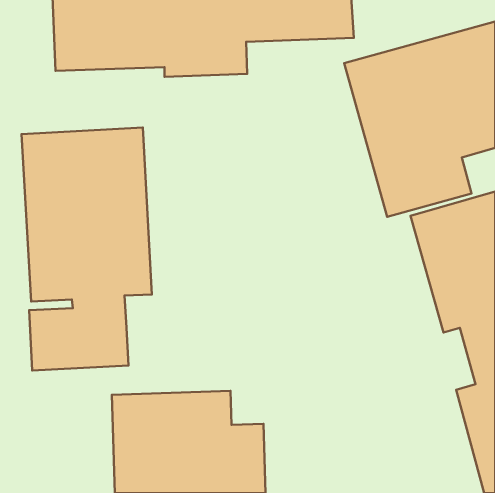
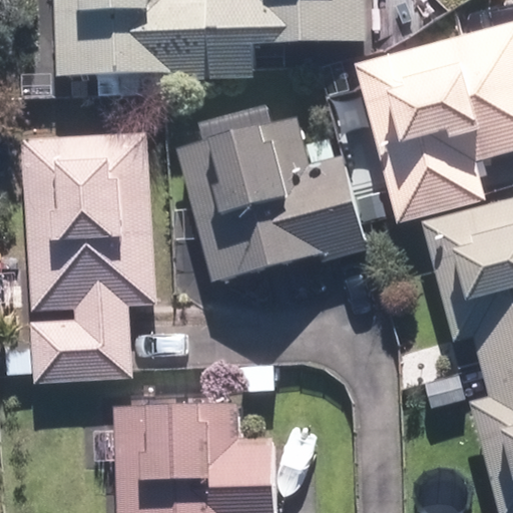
building: none -> [178,118,366,281]

